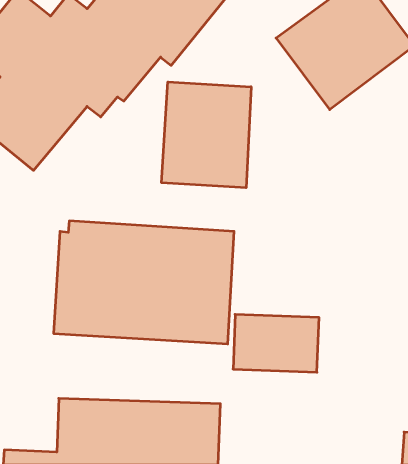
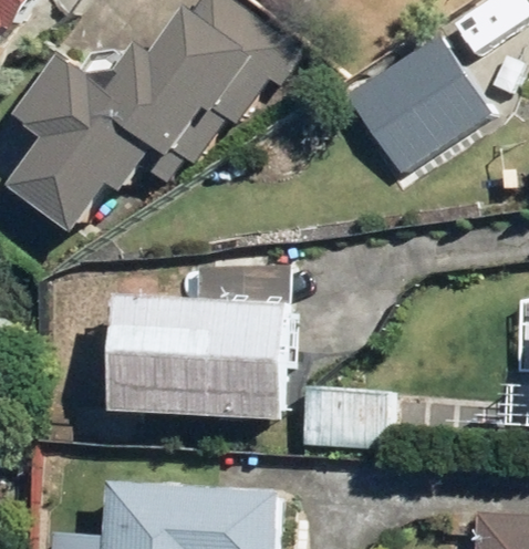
building: [162,82,251,188] -> none

